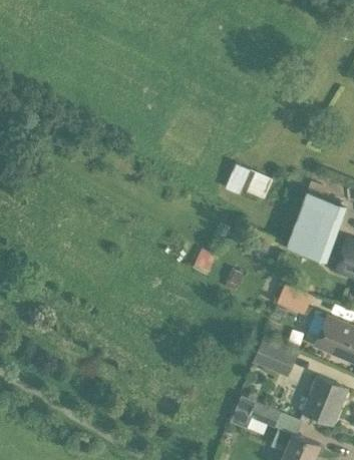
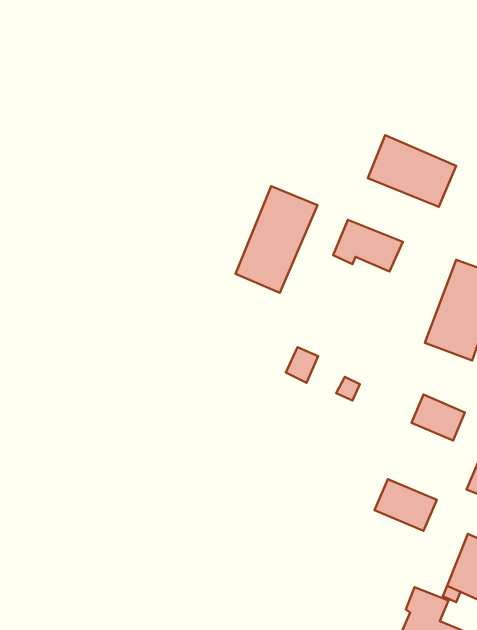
building: none -> [368,135,456,207]
building: none -> [236,186,317,293]
building: [231,396,281,430] -> none

